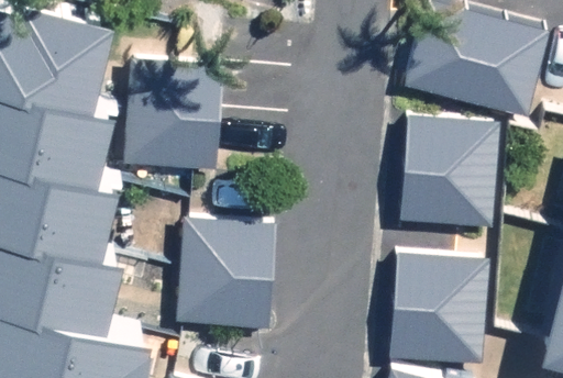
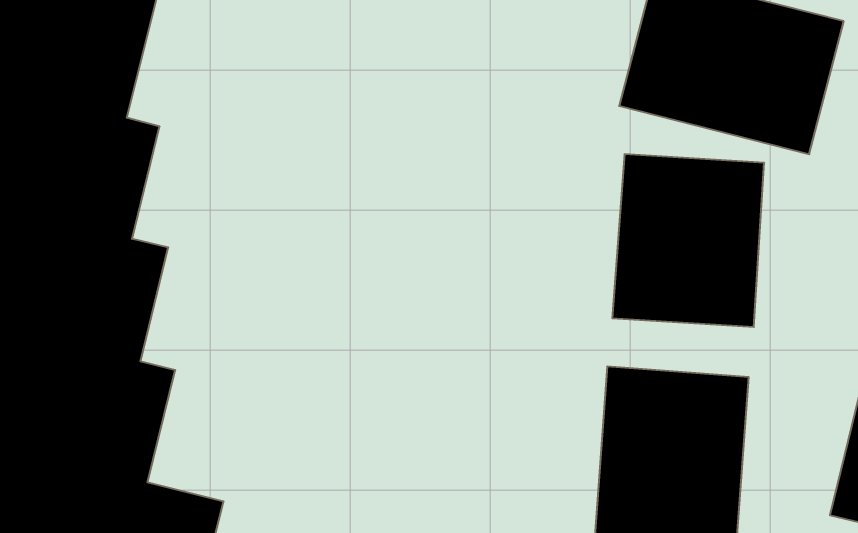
building: [124,60,221,170] -> none
building: [179,219,276,326] -> none

